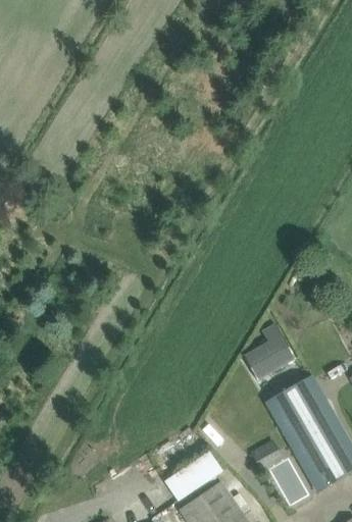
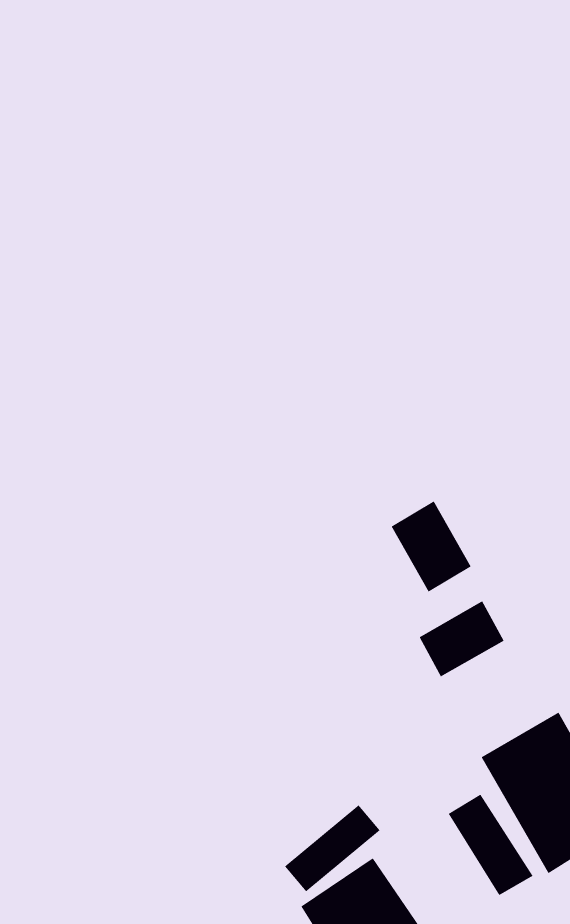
building: none -> [391,501,471,592]
building: [266,376,323,425] -> none

